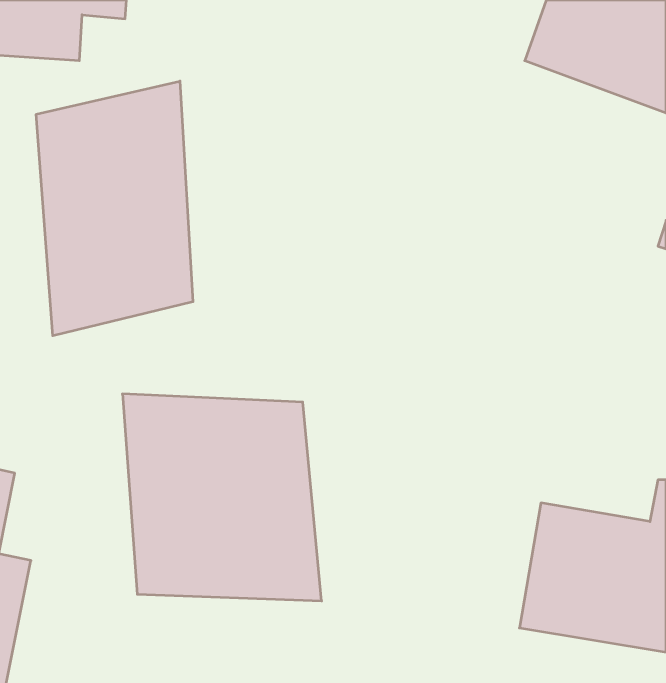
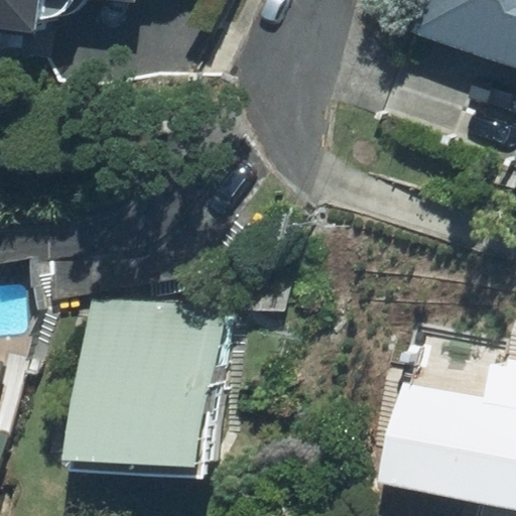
building: [36,81,193,336] -> none

